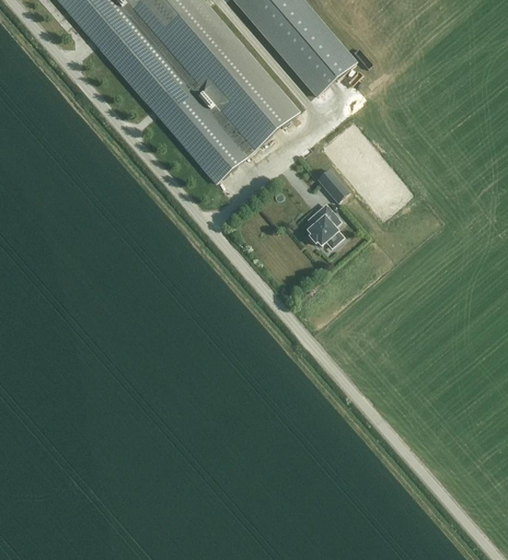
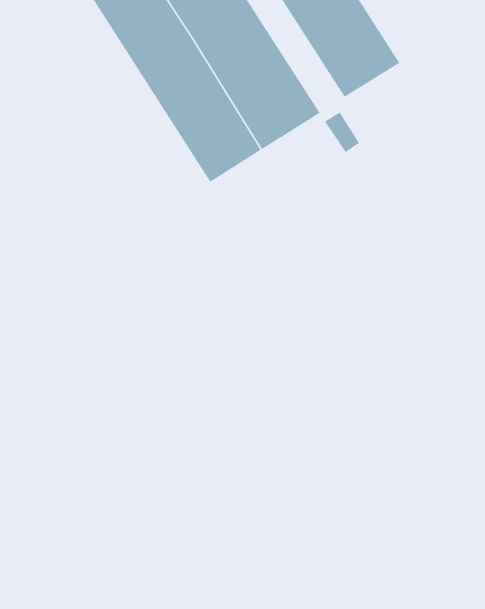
building: [316,168,348,201] -> [324,112,360,153]
building: [308,205,339,246] -> none

